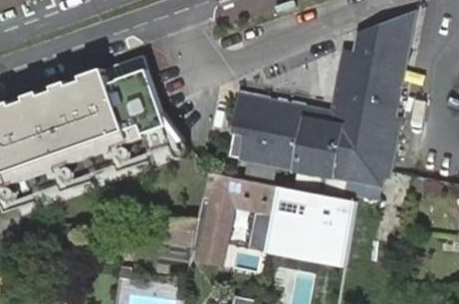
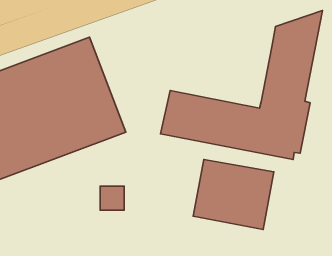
building: [238,58,354,129] -> none
building: [193,174,276,264] -> none

